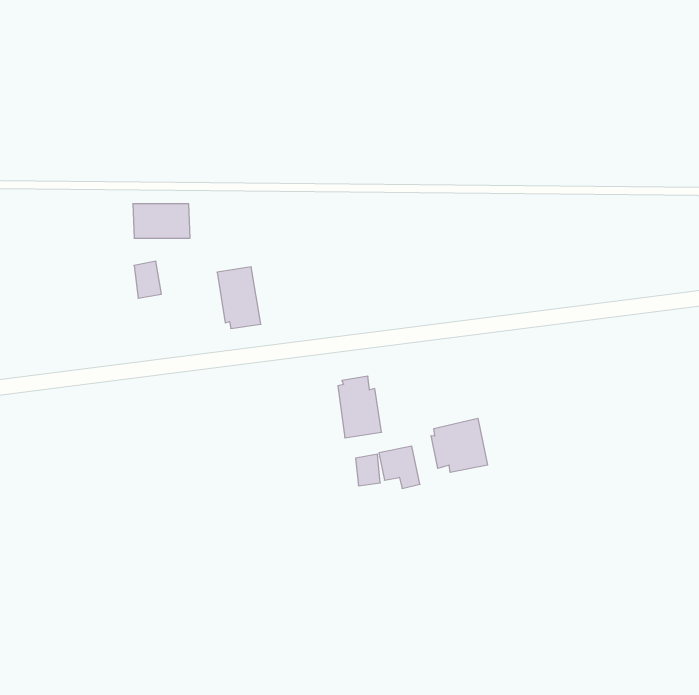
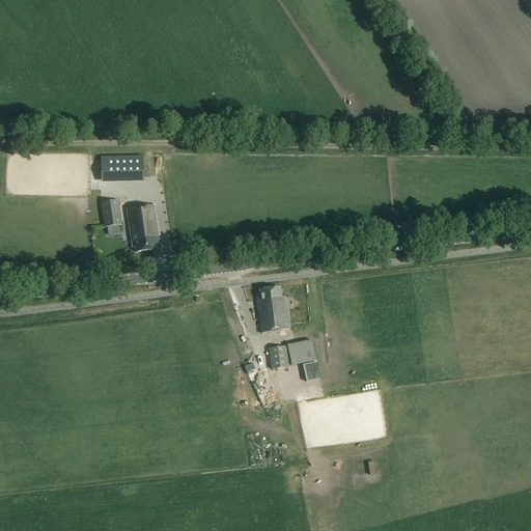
building: [217,267,261,328] -> [127,204,160,251]
building: [431,418,488,472] -> none

